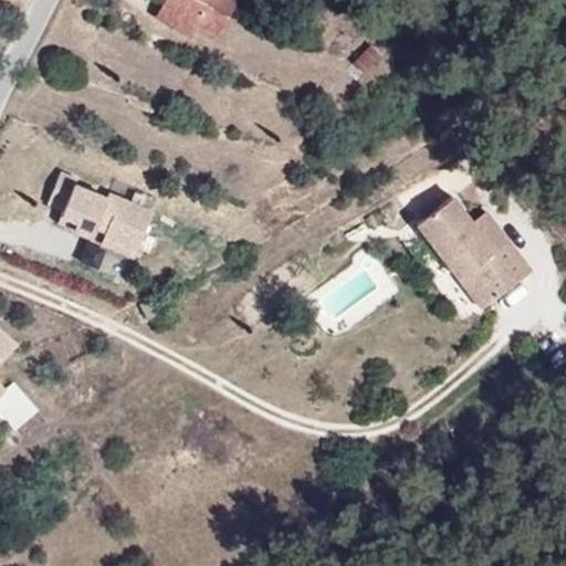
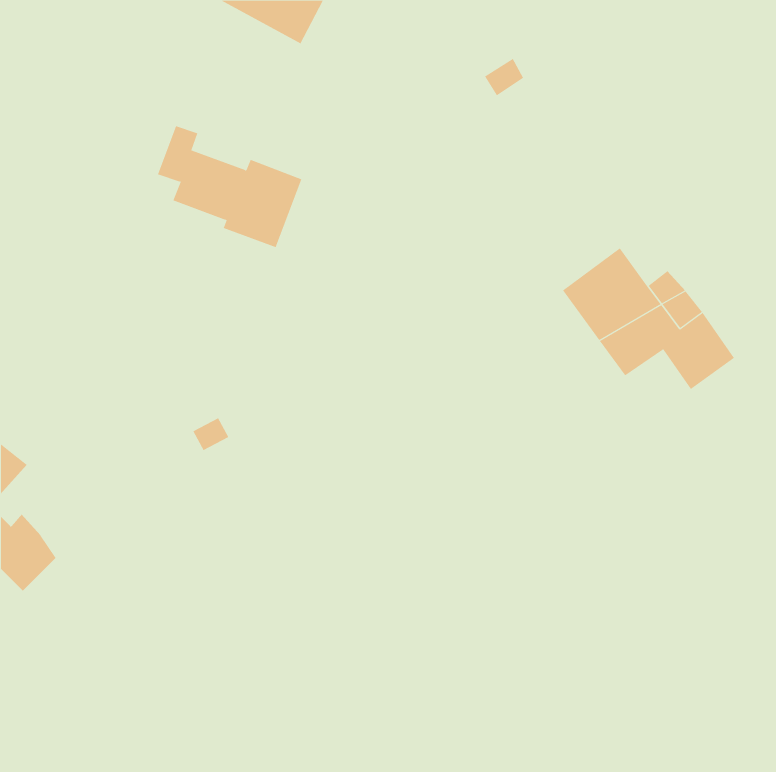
building: [45,172,150,261] -> [157,126,302,248]
building: [455,260,503,307] -> none

